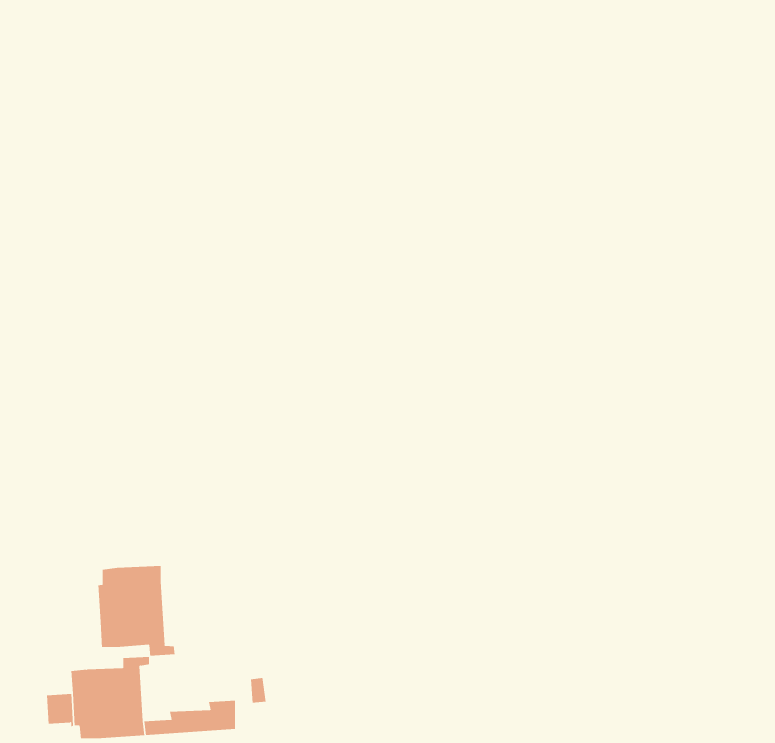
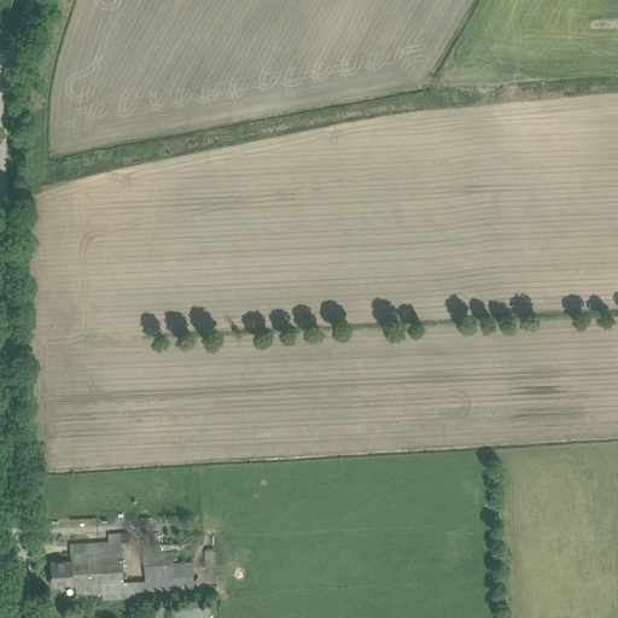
building: [98,565,175,656] -> none

